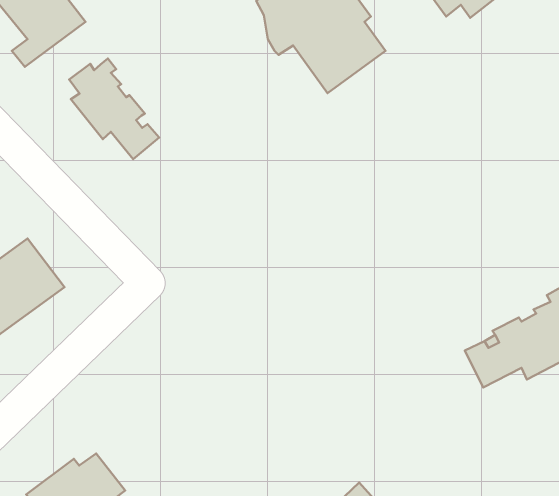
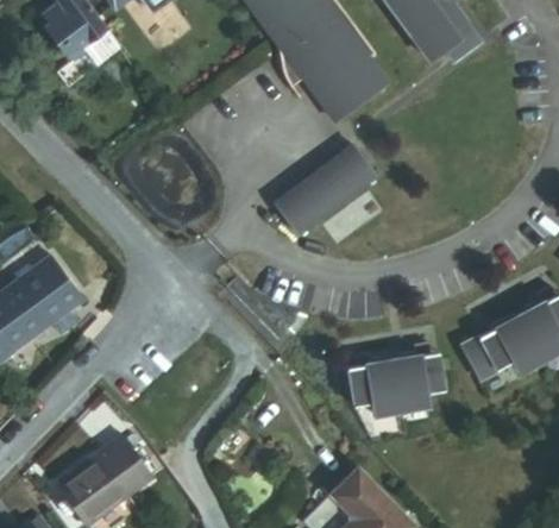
building: [69,58,159,159] -> none
building: none -> [291,137,392,225]
building: none -> [346,346,442,421]

